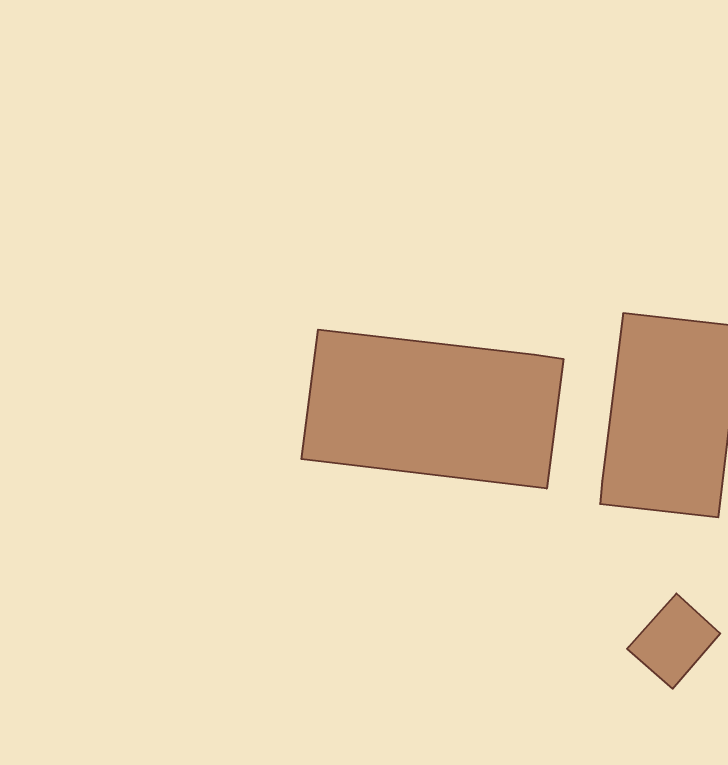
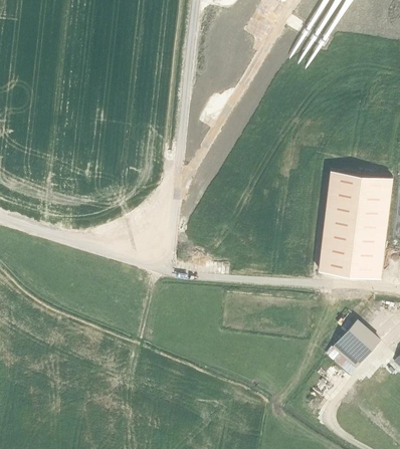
building: [301,330,563,489] -> none

